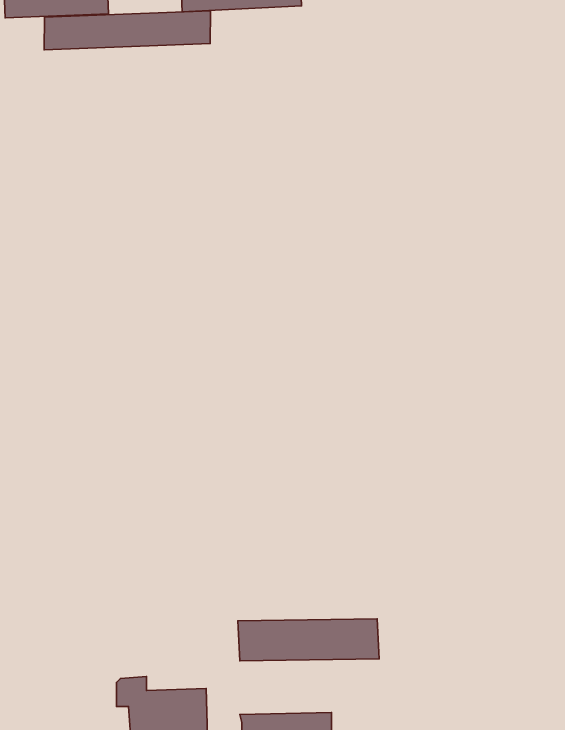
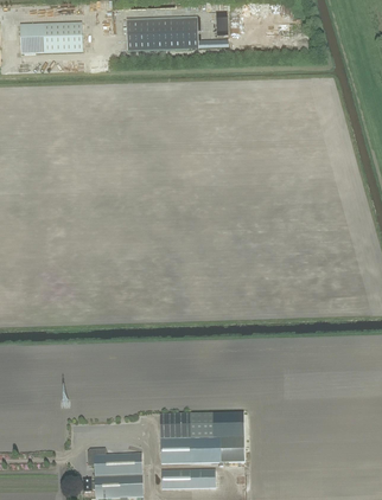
building: [44,11,210,50] -> none
building: none -> [161,436,246,464]

